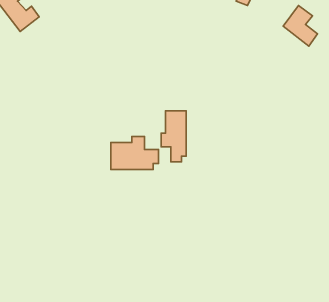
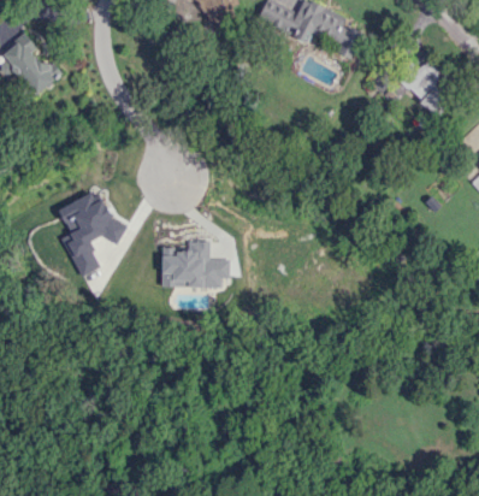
building: none -> [54,190,120,274]
building: [161,111,186,162] -> none

